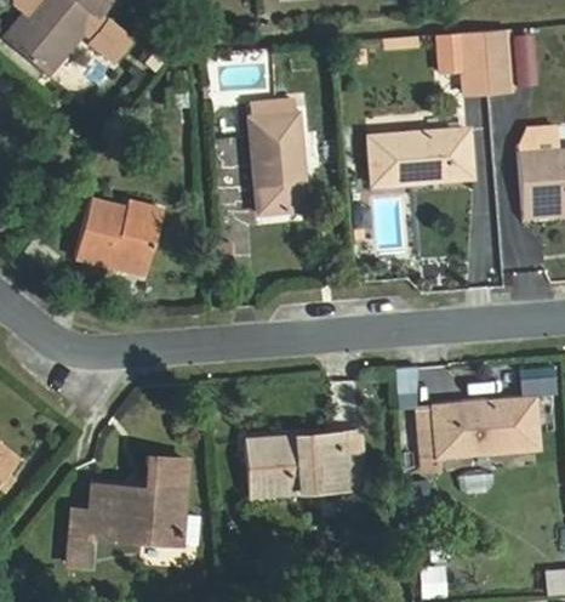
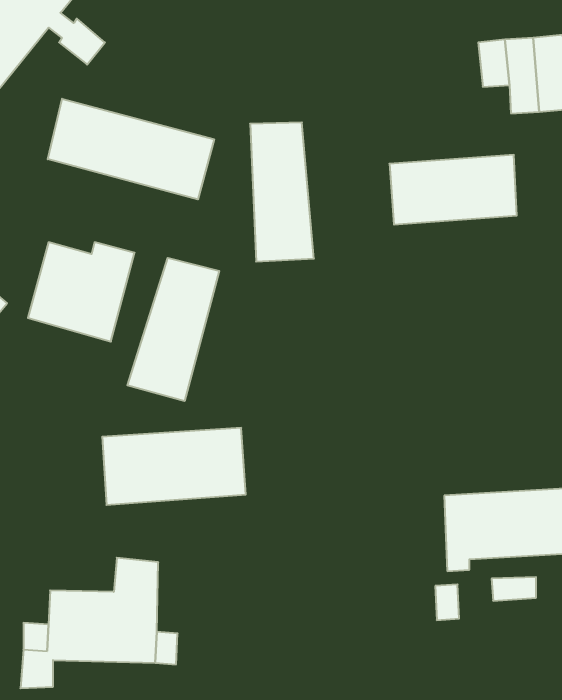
building: none -> [48,99,214,199]
building: none -> [127,258,219,401]
building: [249,432,366,495] -> [102,428,246,505]

